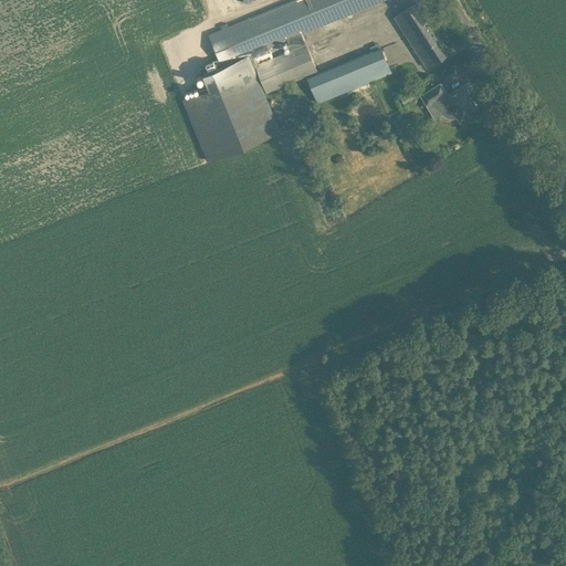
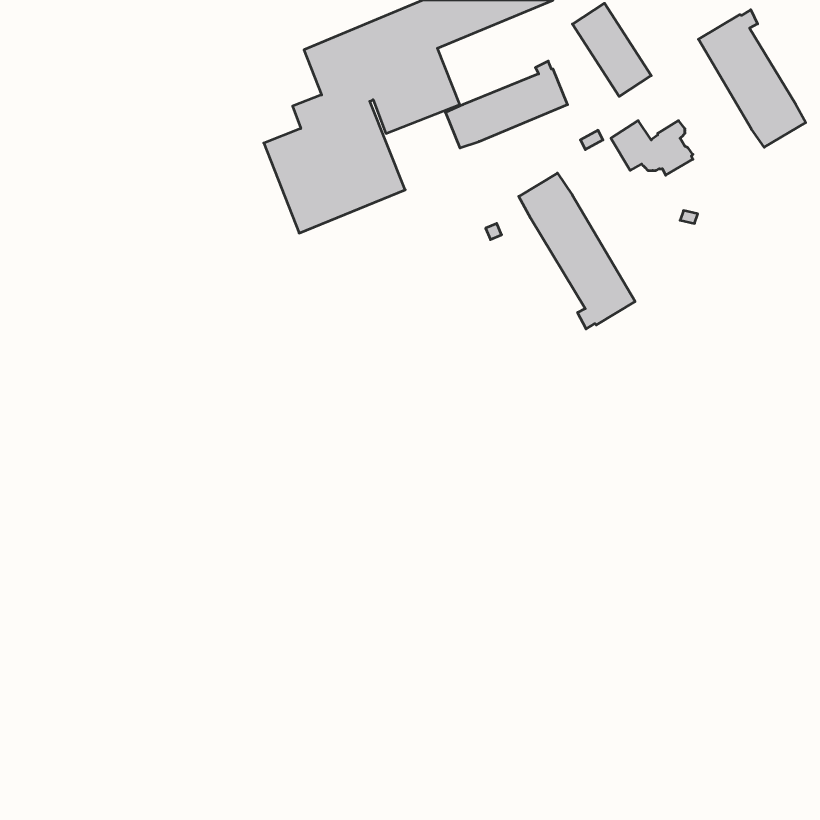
building: none -> [698,10,806,147]
building: none -> [519,173,635,329]

